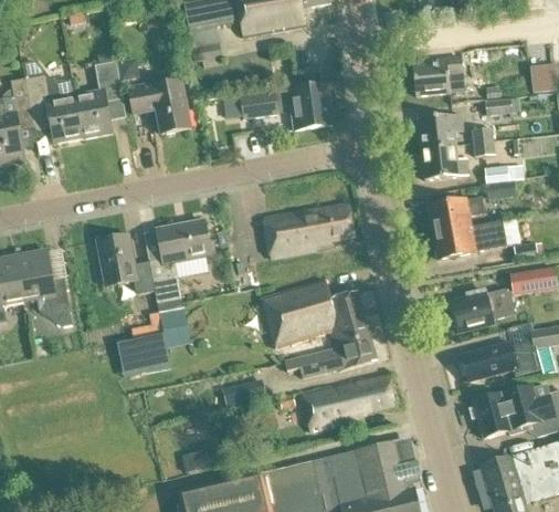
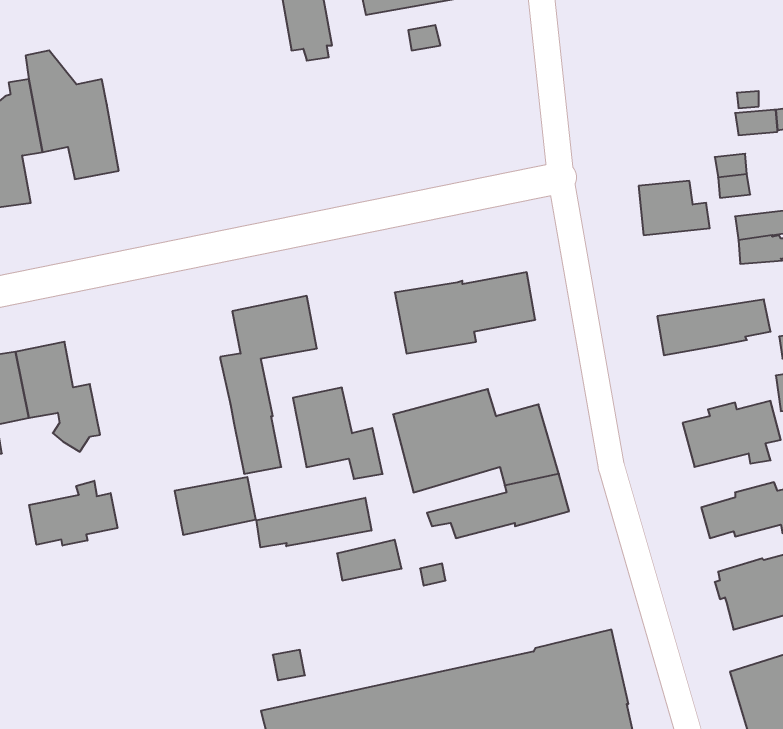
building: [74,50,122,137] -> none
building: [412,56,464,95] -> none
building: [127,80,190,133] -> none
building: [240,83,333,128] -> none
building: [418,113,462,147] -> none
building: [428,196,503,232] -> none
building: [96,233,155,293] -> [293,388,383,479]
building: none -> [29,481,117,546]
building: none -> [256,498,371,547]
building: [302,376,393,431] -> none

